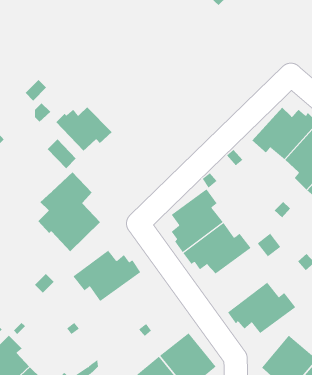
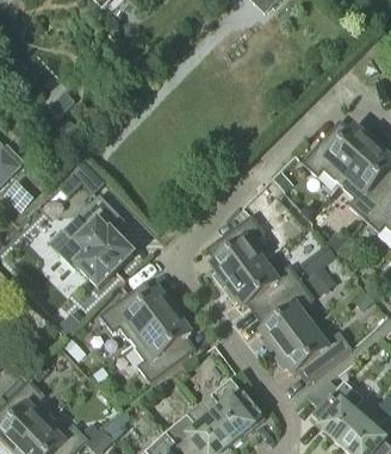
building: [56,107,112,152] -> none
building: none -> [260,284,319,356]
building: none -> [131,311,191,384]

